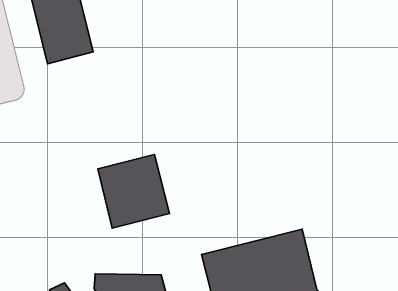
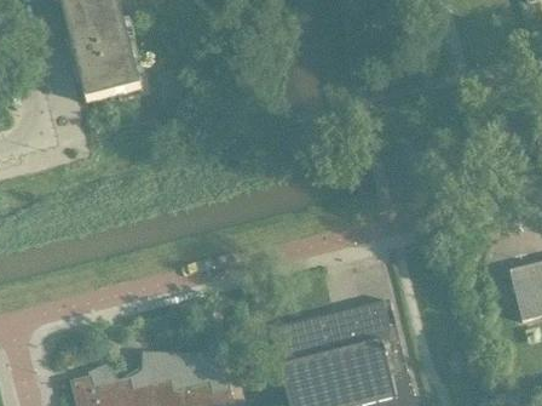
building: [98,154,170,228] -> none

